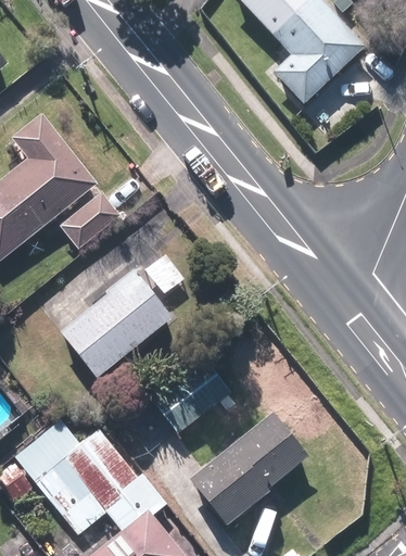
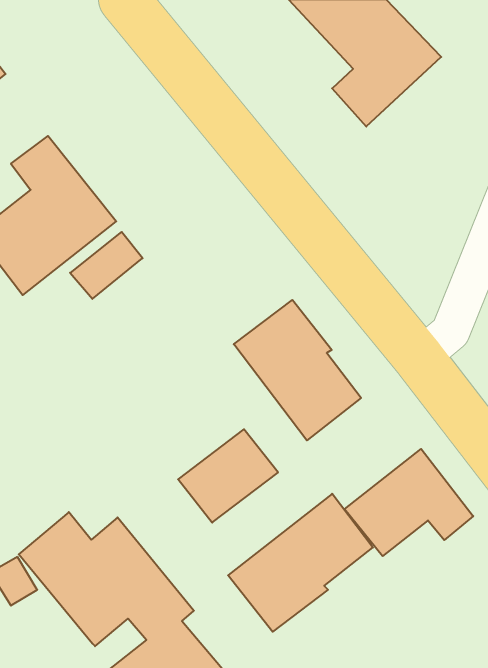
building: none -> [234,300,361,440]
building: [59,267,172,377] -> none
building: none -> [345,449,473,556]

